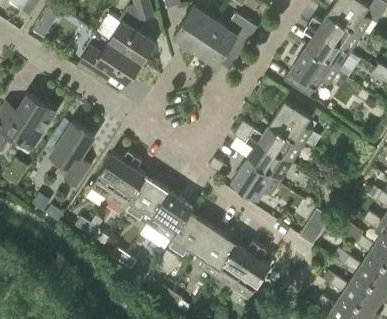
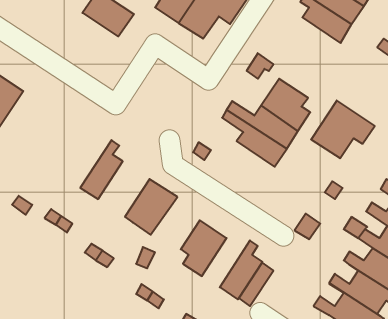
building: [78,42,141,84] -> none
building: [283,46,340,98] -> [311,100,375,158]
building: [51,123,93,187] -> none
building: [90,152,135,199] -> none
building: [231,157,281,199] -> none
building: [123,175,169,225] -> none
building: [167,213,214,257] -> none
building: [216,242,259,288] -> none

